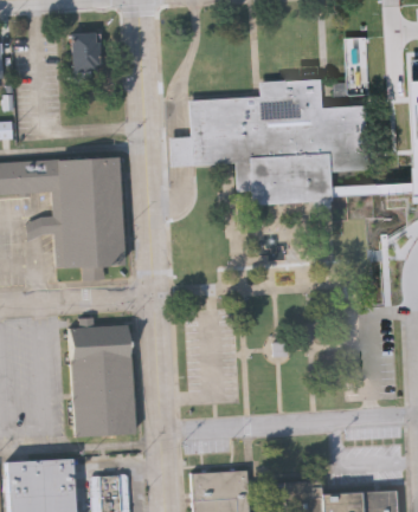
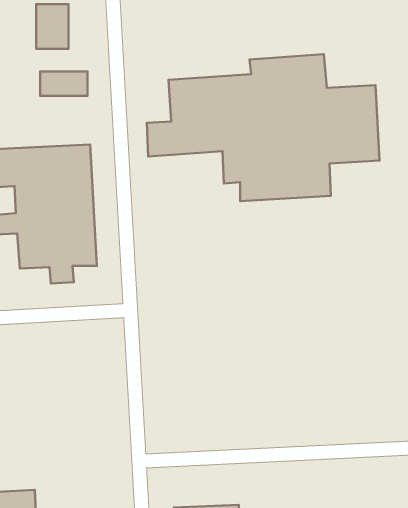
building: none -> [40,71,87,96]
building: [67,326,134,439] -> none

